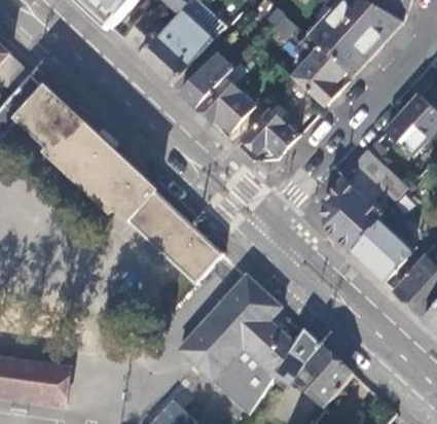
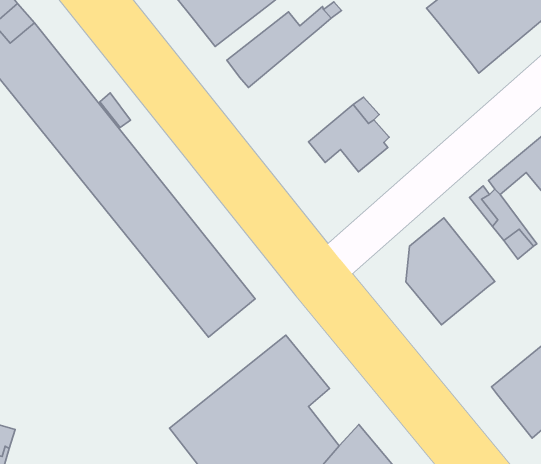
building: [292,46,345,106] -> none
building: [196,62,254,132] -> none
building: [352,220,412,281] -> none

